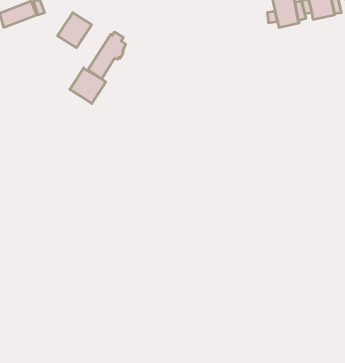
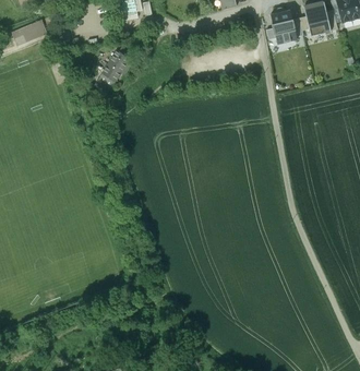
building: [58,13,91,48] -> none
building: [70,68,106,104] -> none

